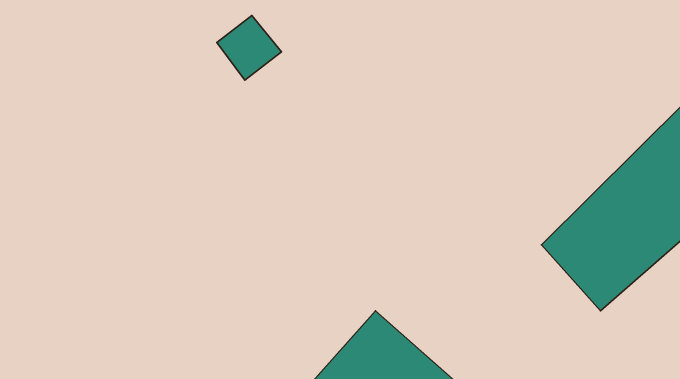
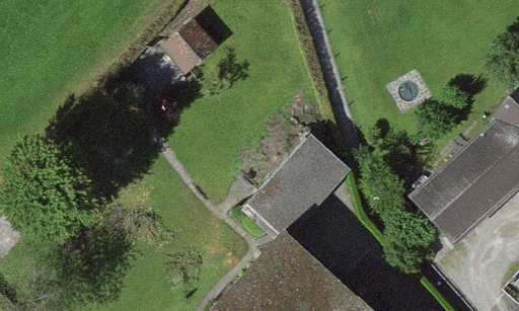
building: none -> [249,131,356,233]

